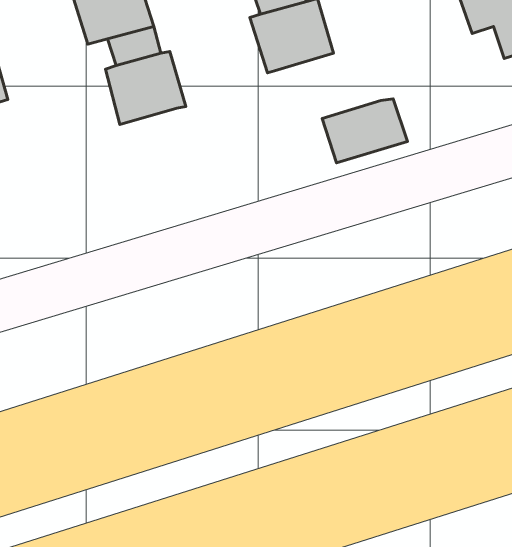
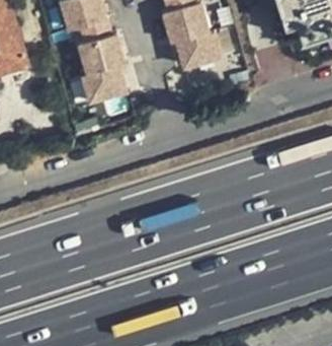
building: [322,99,408,163] -> [174,33,223,70]
building: none -> [81,66,129,107]

